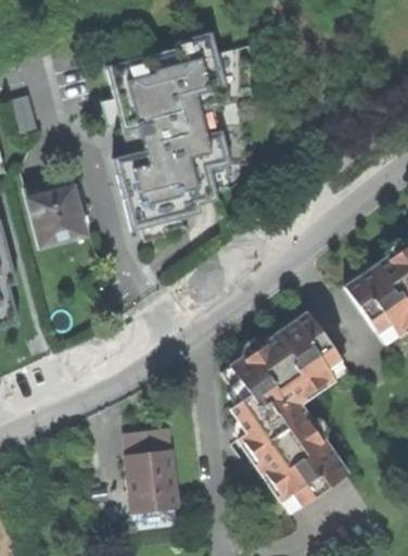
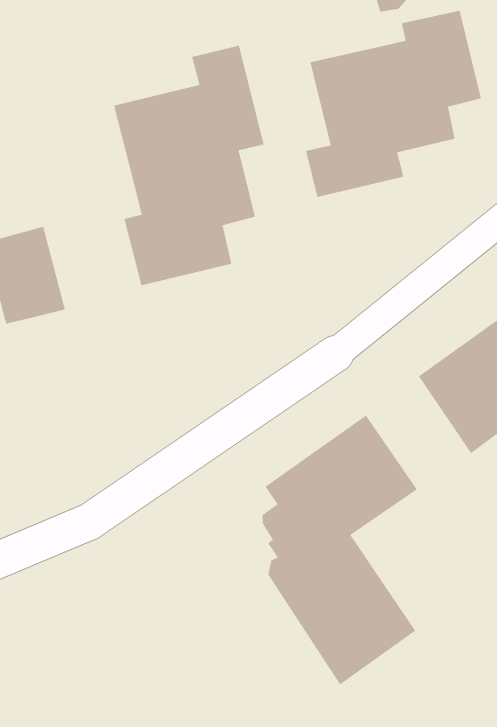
building: none -> [305,10,482,198]
building: [125,428,177,509] -> none

